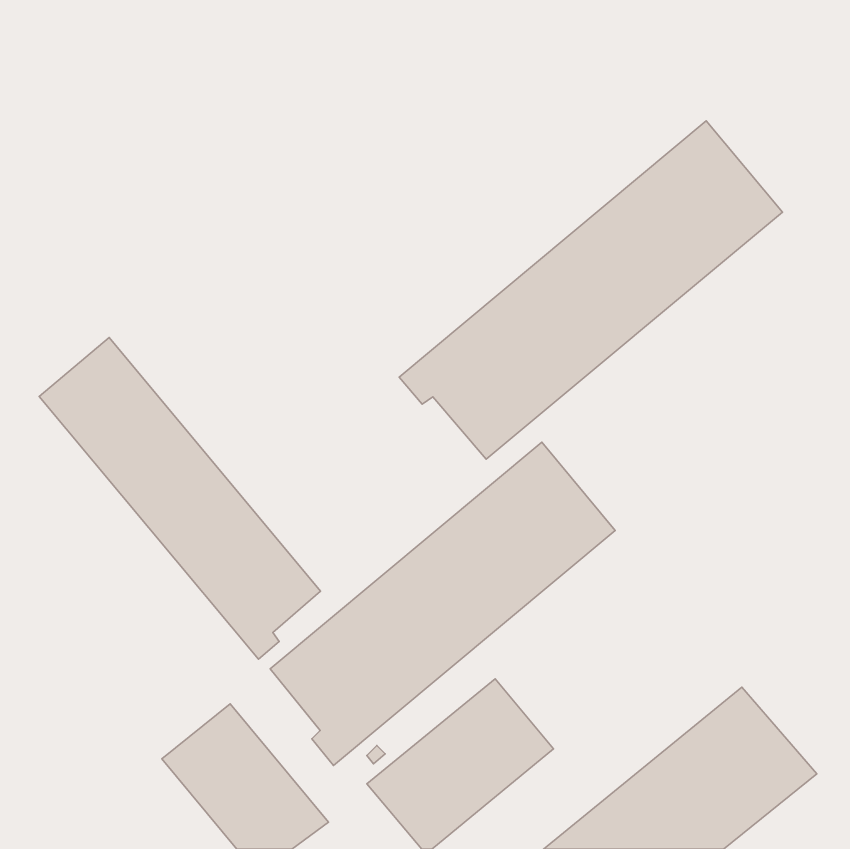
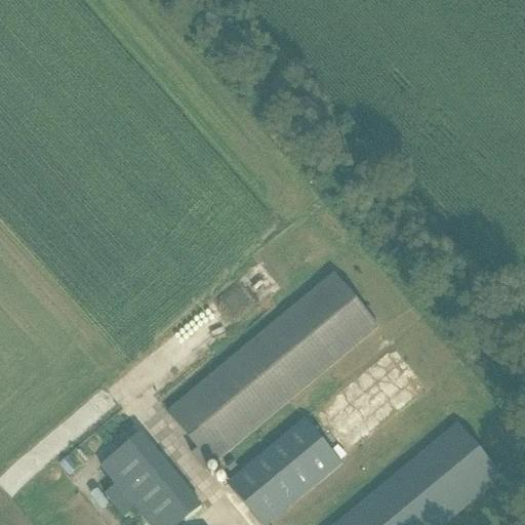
building: [399,121,782,459] -> none
building: [39,338,321,659] -> none

